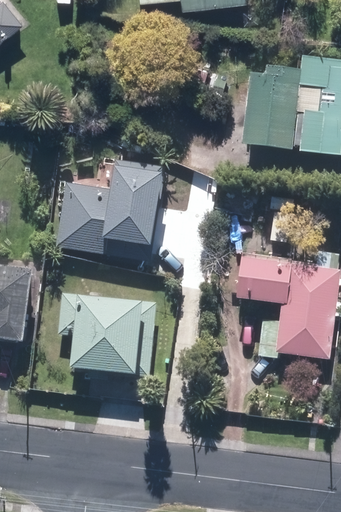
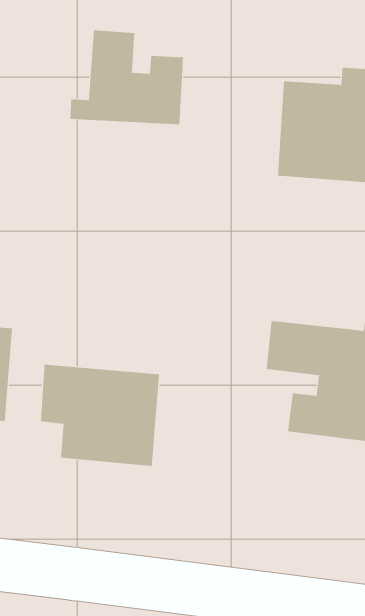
building: none -> [70,30,184,125]
building: [57,163,163,253] -> none

